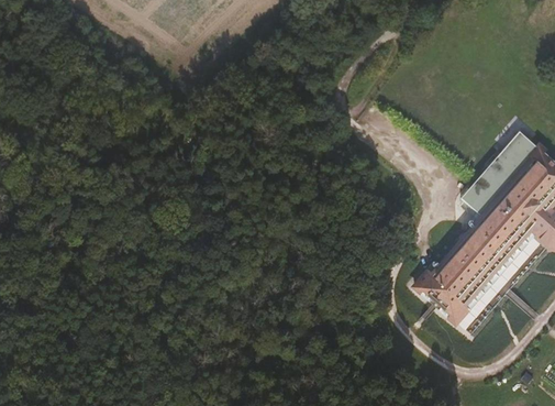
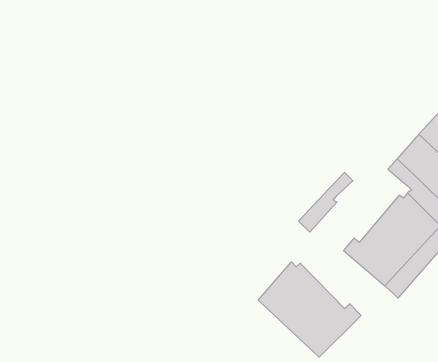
building: none -> [299,172,353,232]
building: none -> [258,262,361,357]

